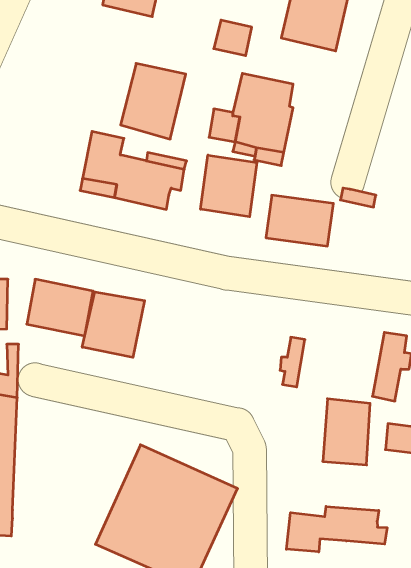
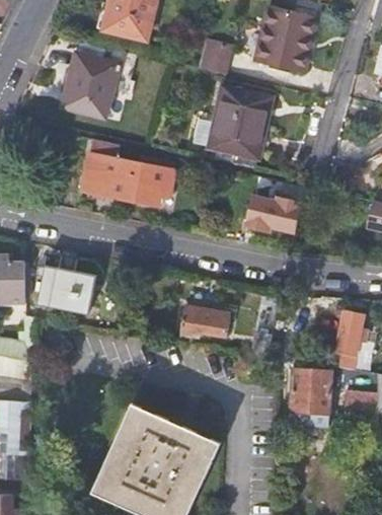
building: [121,63,186,139] -> [62,54,118,119]
building: [201,155,257,217] -> none
building: [82,292,145,357] -> none
building: none -> [180,306,230,337]
building: [286,506,387,552] -> none

